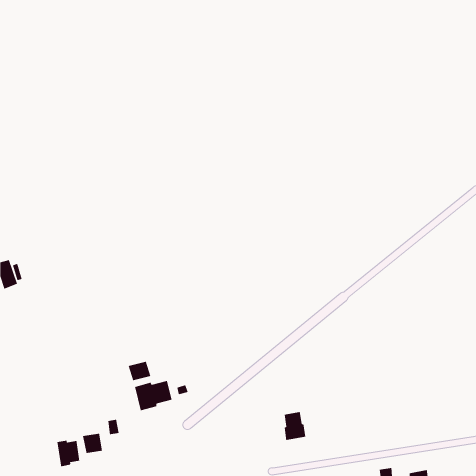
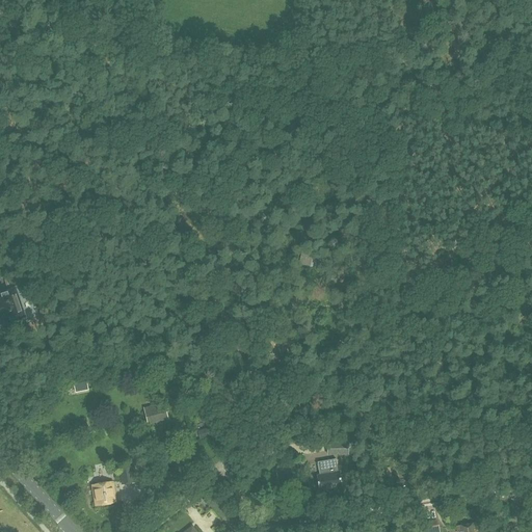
building: [135,380,172,411] -> none
building: [57,440,80,467] -> none

